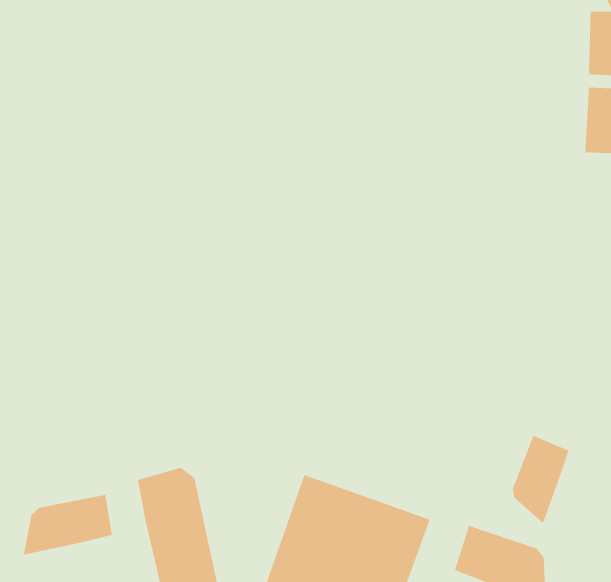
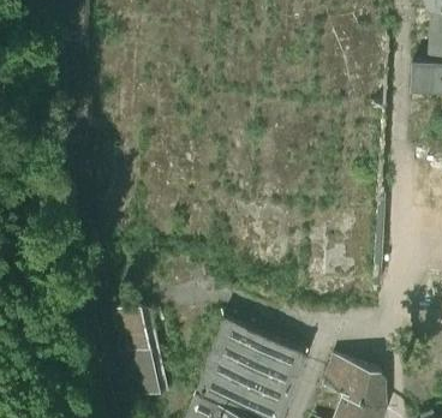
building: [512,435,569,524] -> none
building: [23,494,112,556] -> none

